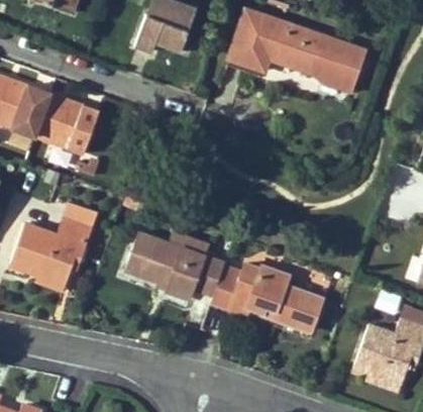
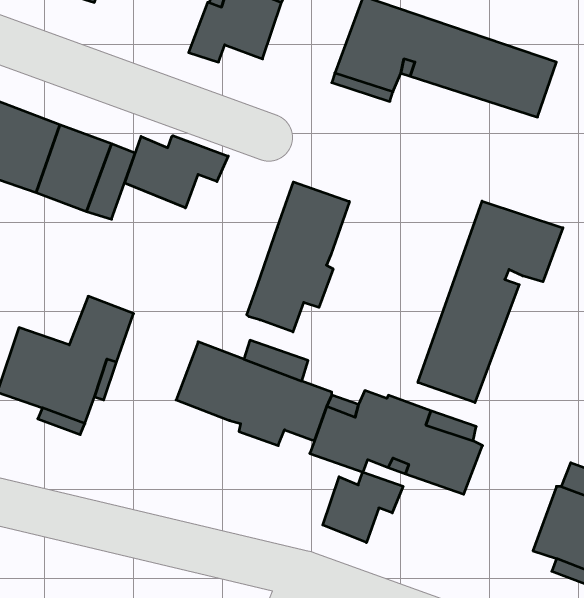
building: none -> [125,136,228,208]
building: none -> [247,182,349,332]
building: none -> [418,201,563,403]
building: none -> [323,472,403,543]

